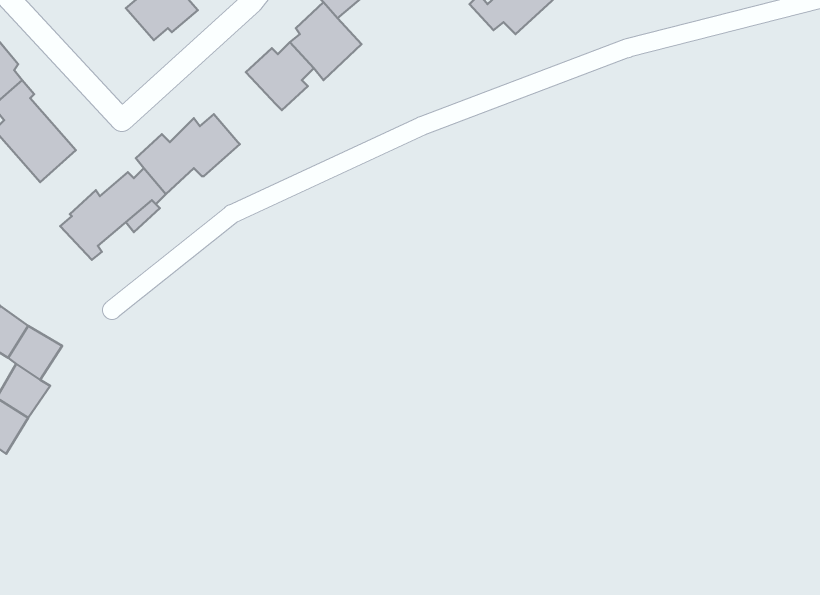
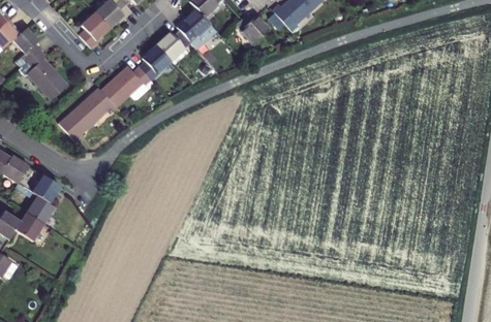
building: none -> [79,11,110,49]
building: none -> [235,12,269,44]
building: none -> [141,44,173,80]

